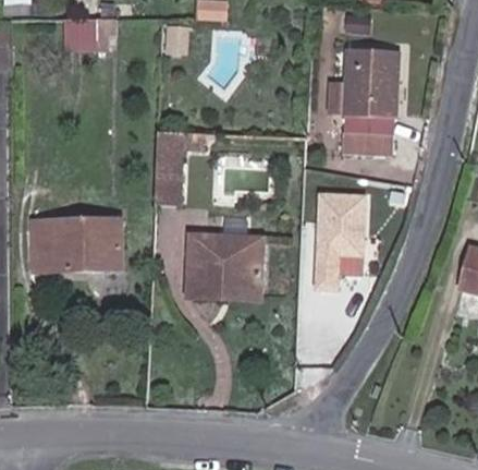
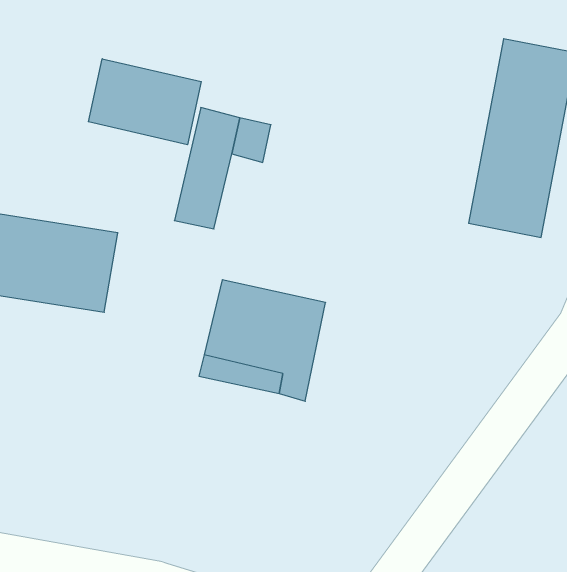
building: none -> [88,59,201,145]
building: [311,191,371,288] -> none

